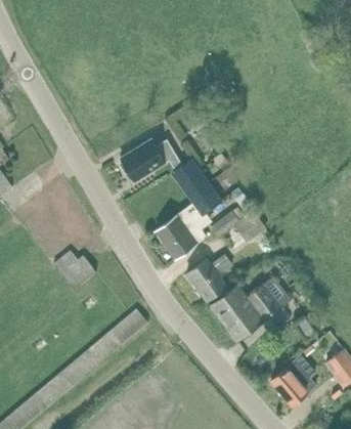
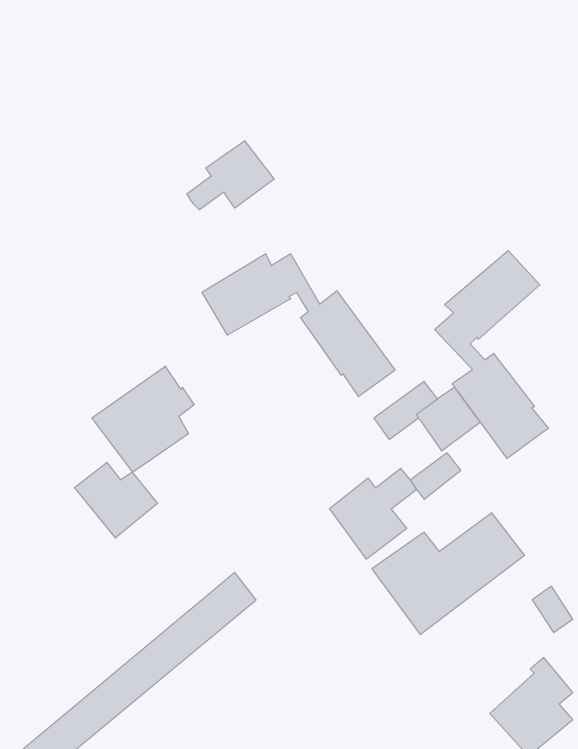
building: none -> [187,141,274,210]
building: none -> [435,251,548,459]
building: [156,203,210,259] -> [92,366,194,472]

